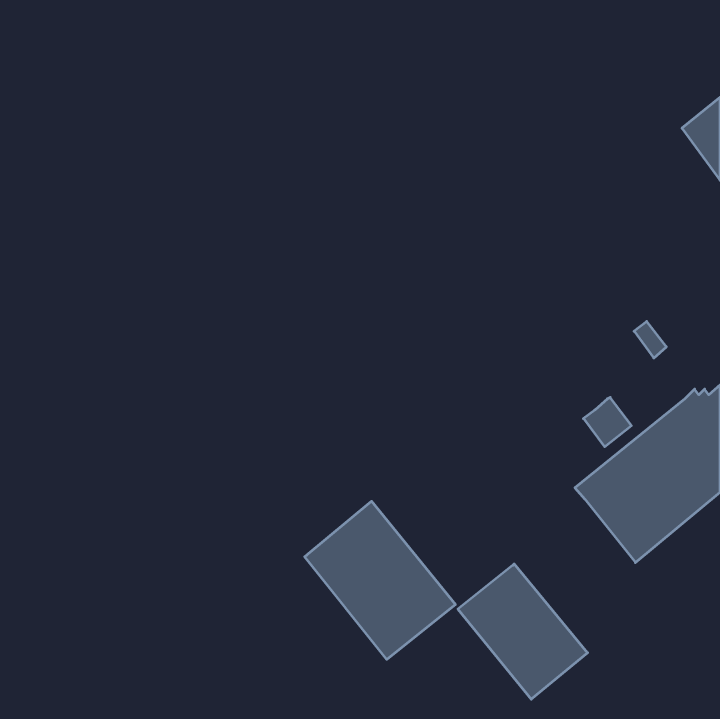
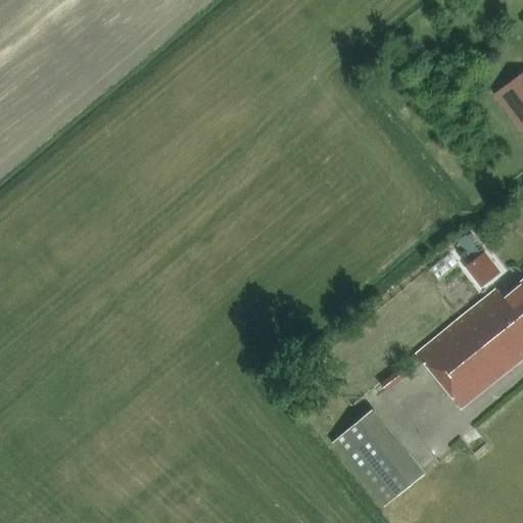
building: [583,397,631,447] -> [466,250,501,286]
building: [305,501,455,659] -> none

